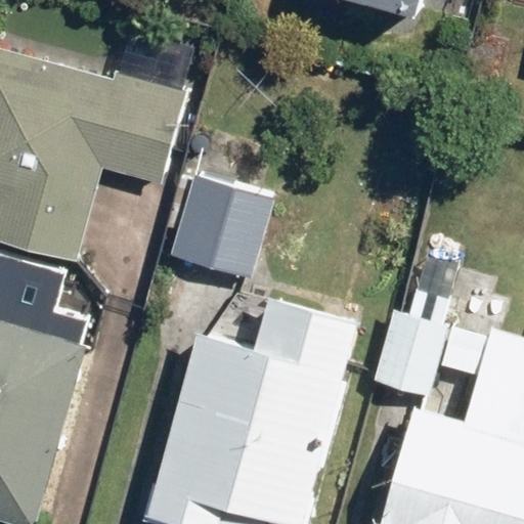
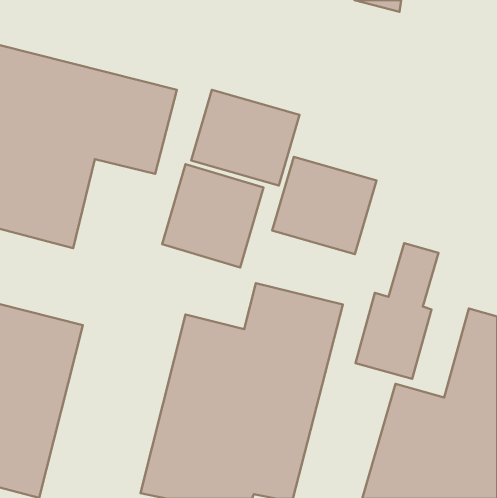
building: none -> [191,90,300,186]
building: none -> [272,157,377,254]

